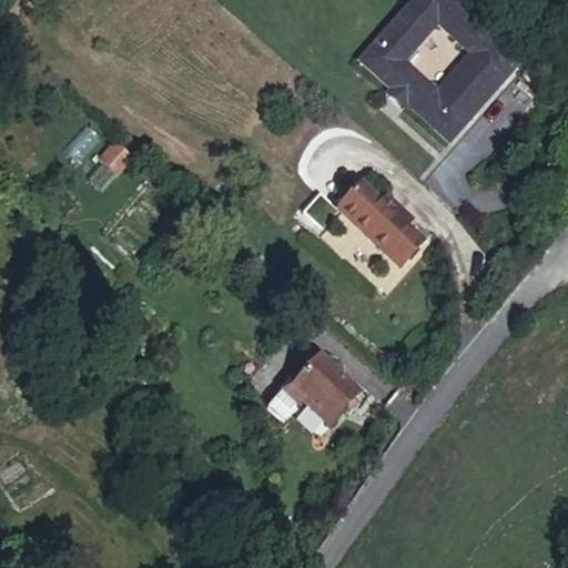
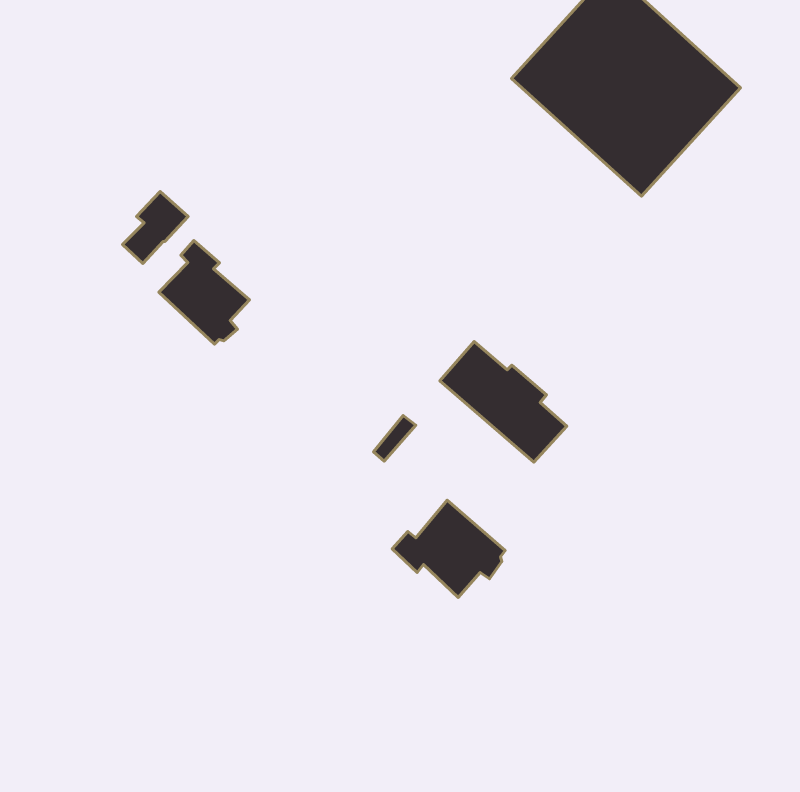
building: none -> [159,240,249,344]
building: [333,179,423,264] -> [440,341,567,462]

